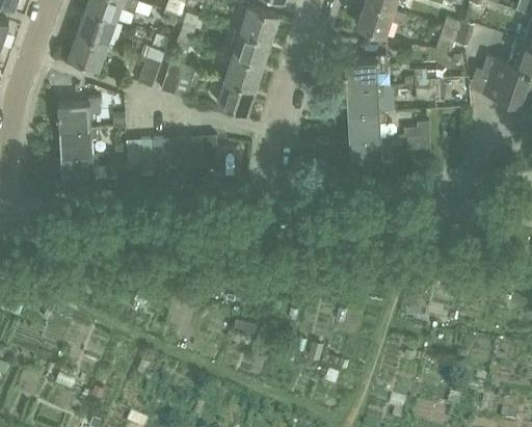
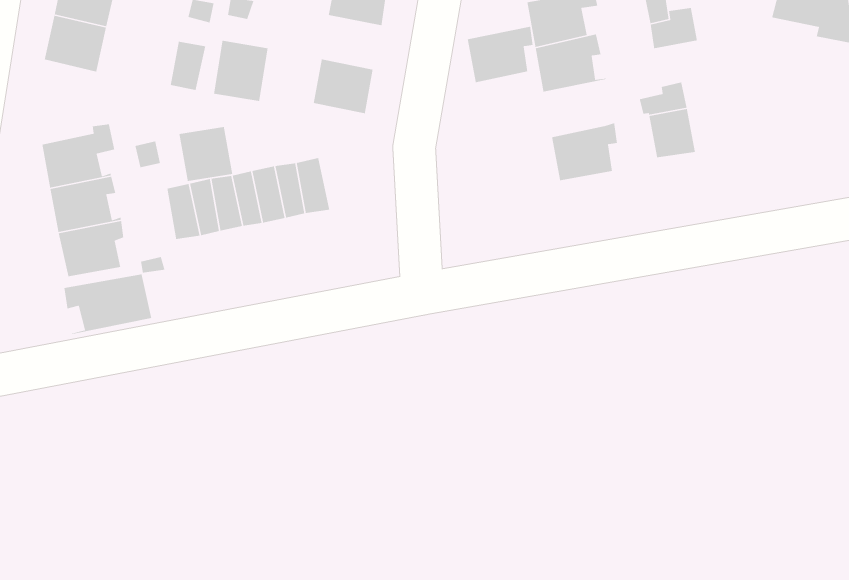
building: [225,54,263,88] -> none
building: none -> [179,126,233,182]
building: [349,113,387,141] -> [467,26,534,83]
building: none -> [63,274,152,335]

